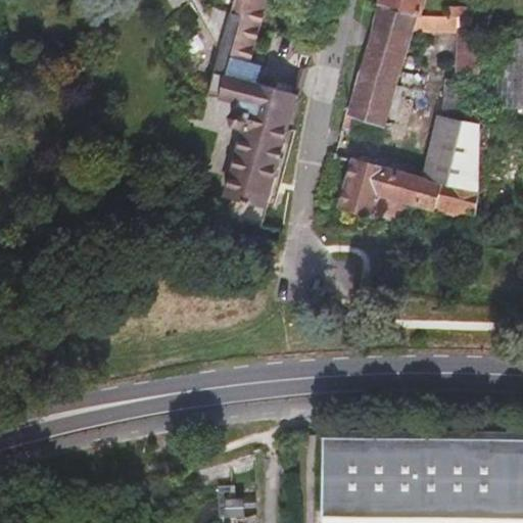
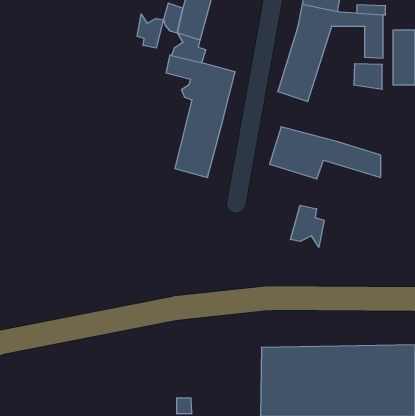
building: none -> [137,14,163,48]
building: [424,117,477,194] -> none
building: none -> [291,205,324,247]

